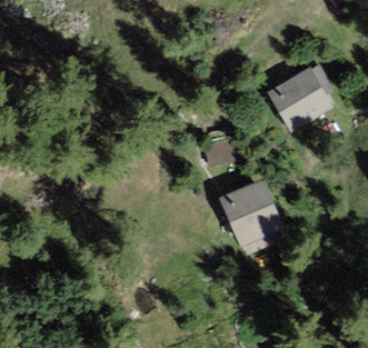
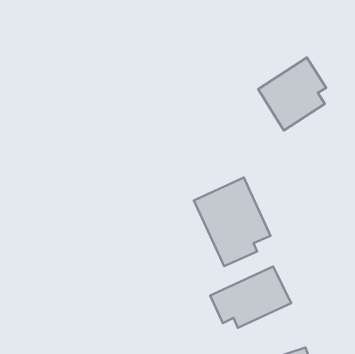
building: none -> [210,267,291,328]

